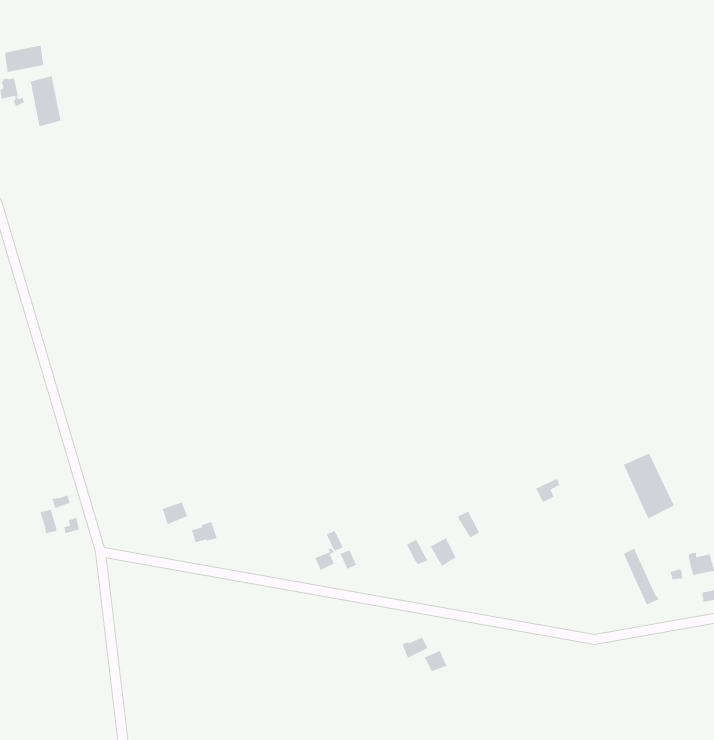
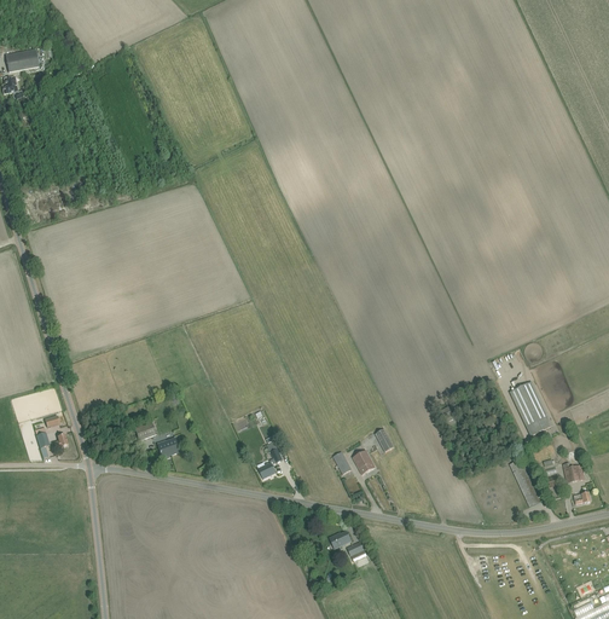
building: [30,75,61,127] -> none

